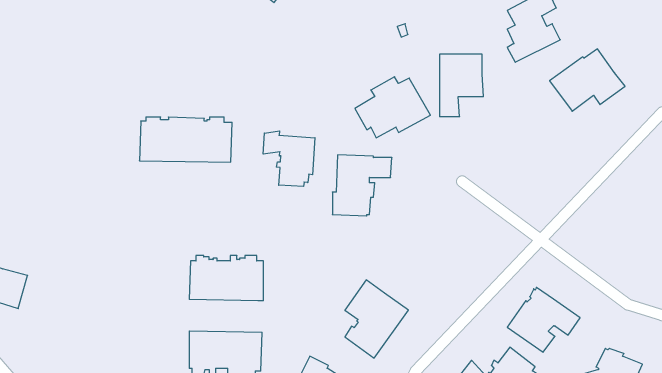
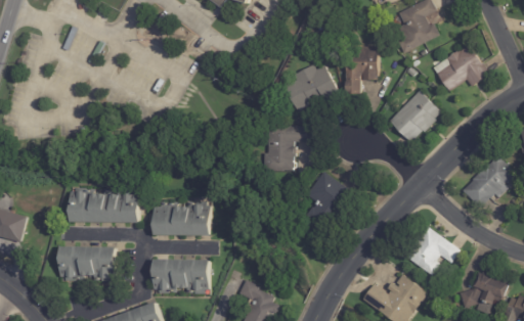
building: none -> [391,90,442,141]
building: [139,117,232,162] -> [70,188,141,223]
building: [263,131,315,186] -> none
building: none -> [458,154,511,208]
building: [345,280,408,358] -> [308,171,357,231]
building: none -> [59,247,117,280]

